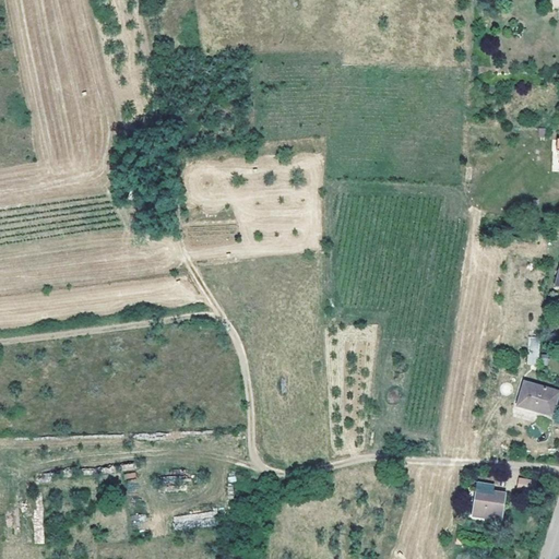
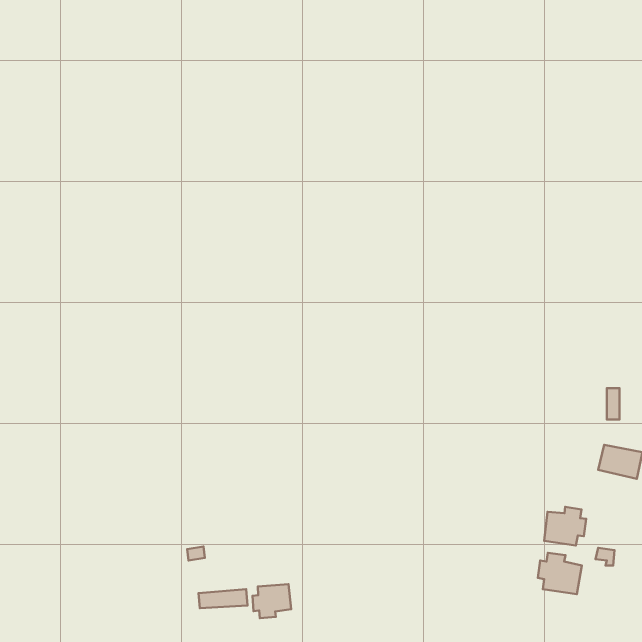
building: none -> [544,507,586,545]
building: none -> [252,584,291,618]

